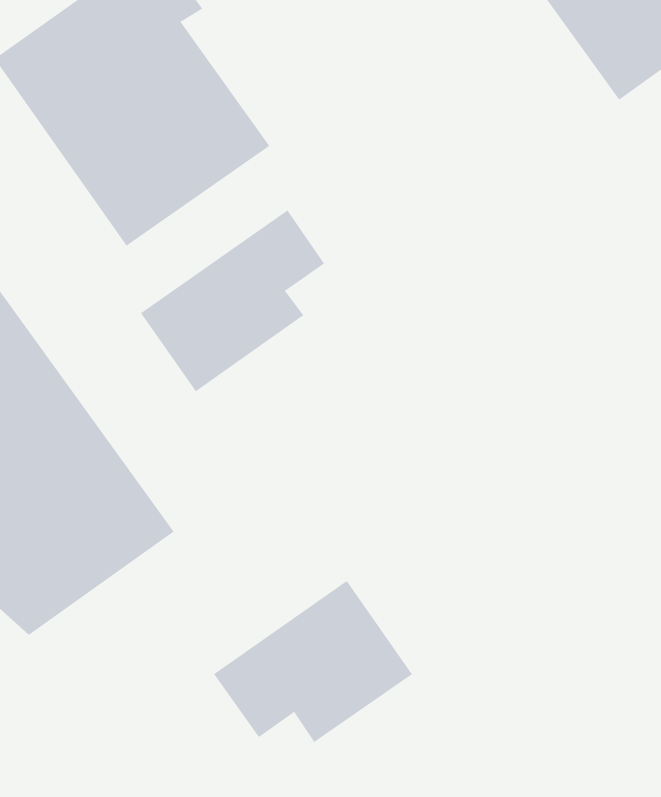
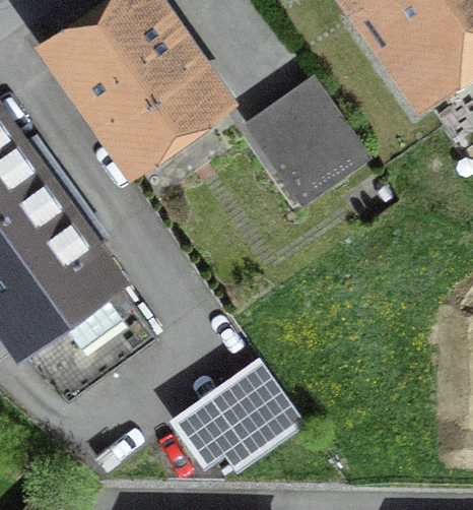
building: none -> [243,83,357,202]
building: [140,209,325,392] -> none

